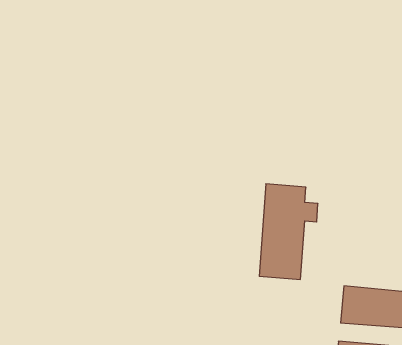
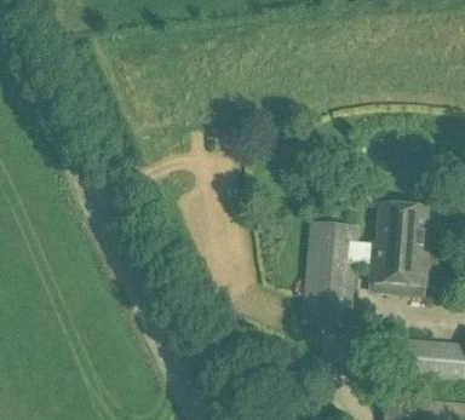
building: none -> [366,203,431,289]

